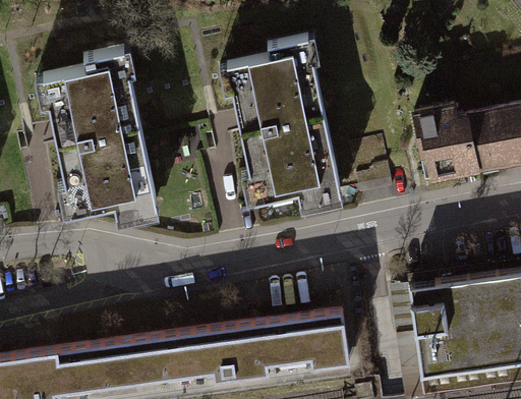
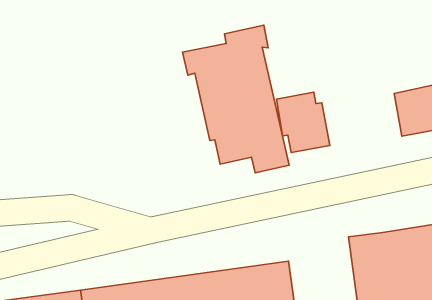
building: [34,53,156,222] -> none
building: [412,108,474,178] -> [276,92,330,153]

